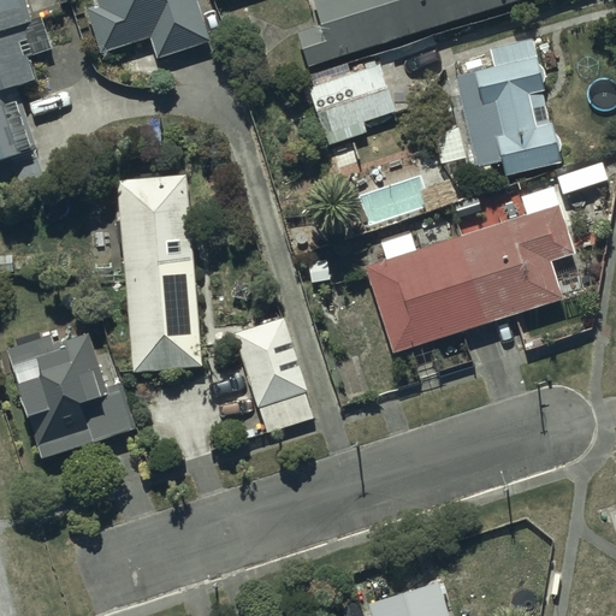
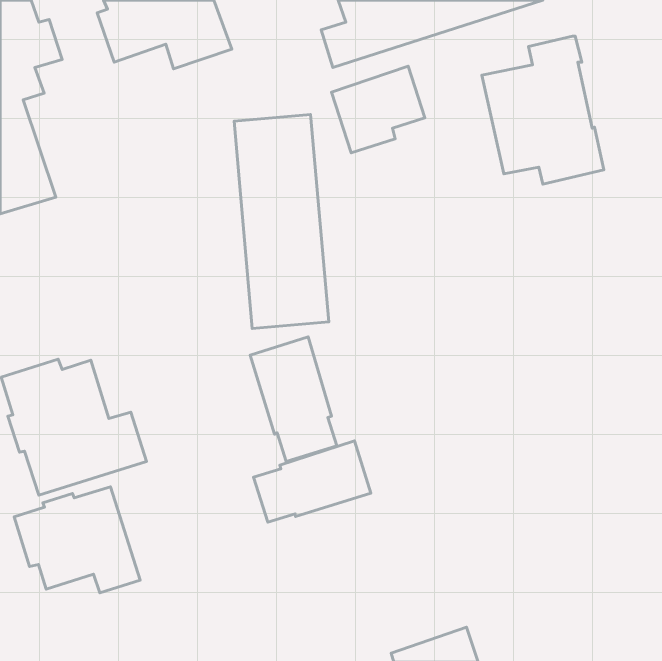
building: [112,176,200,374] -> [234,115,329,328]
building: [365,189,573,350] -> none
building: none -> [253,441,371,522]
building: none -> [14,487,140,593]

